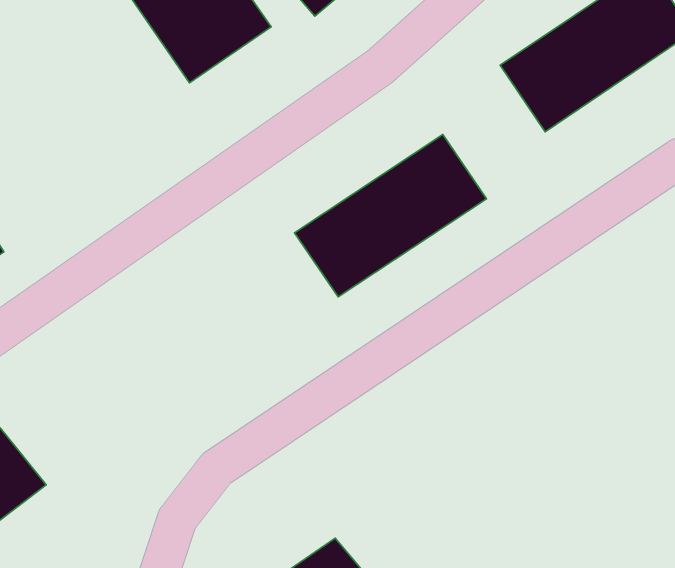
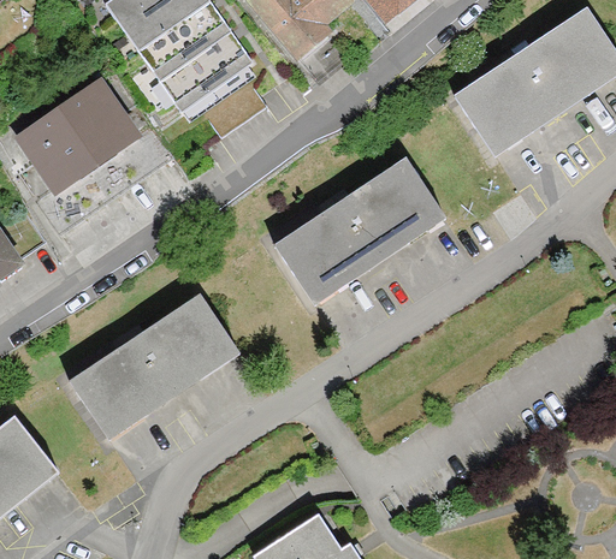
building: none -> [22,85,136,190]
building: none -> [70,293,238,436]

